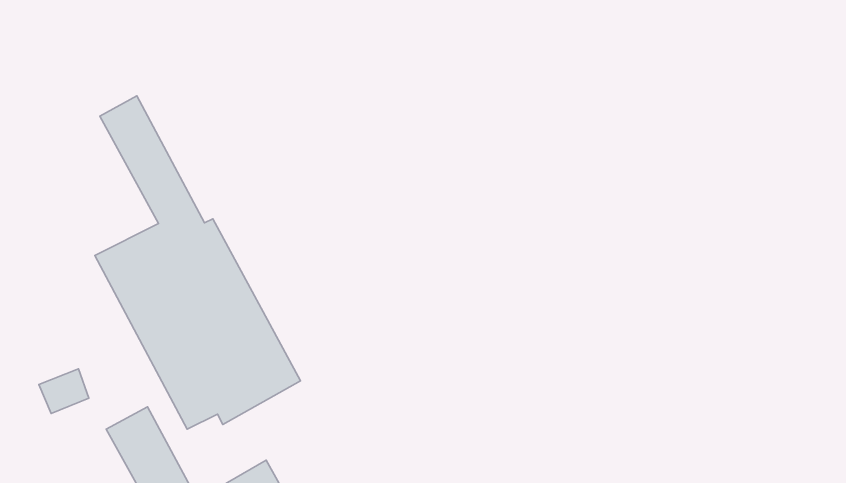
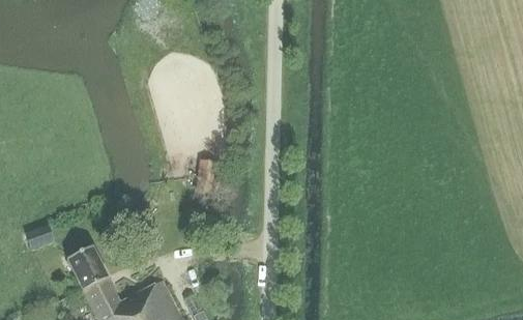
building: [95,96,301,429] -> none

